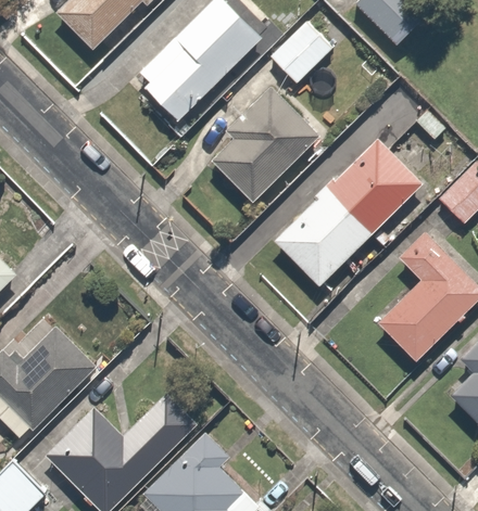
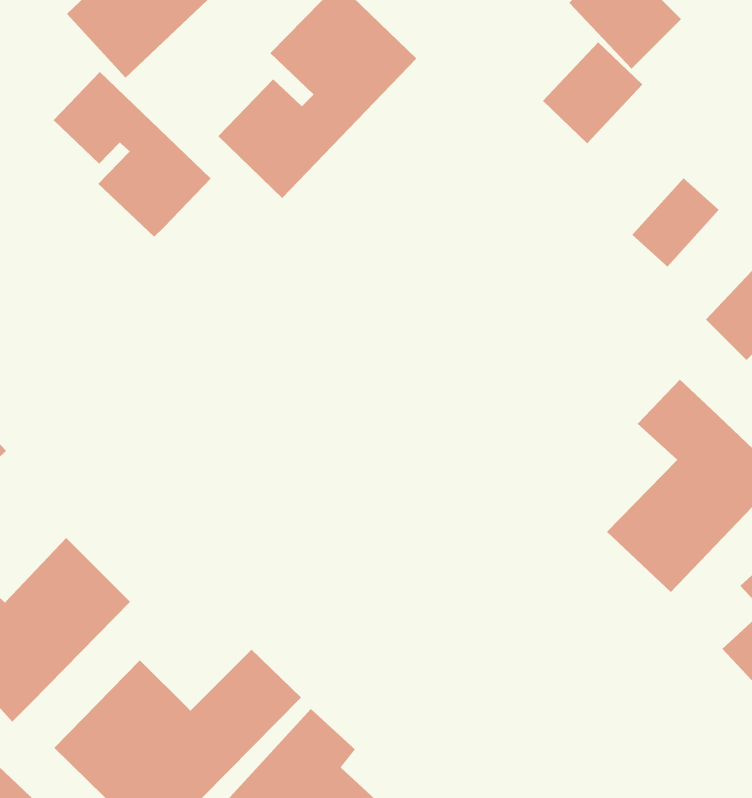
building: [271,21,331,82] -> [542,41,643,144]
building: none -> [53,71,211,238]
building: [210,84,319,201] -> none
building: [271,133,435,290] -> none

